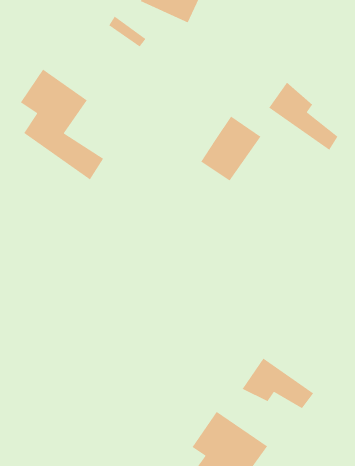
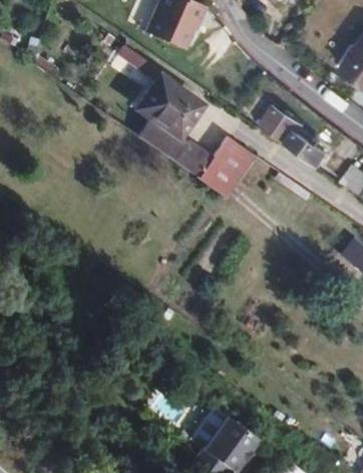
building: [20,68,104,180] -> [134,74,212,177]
building: [242,358,314,409] -> none

